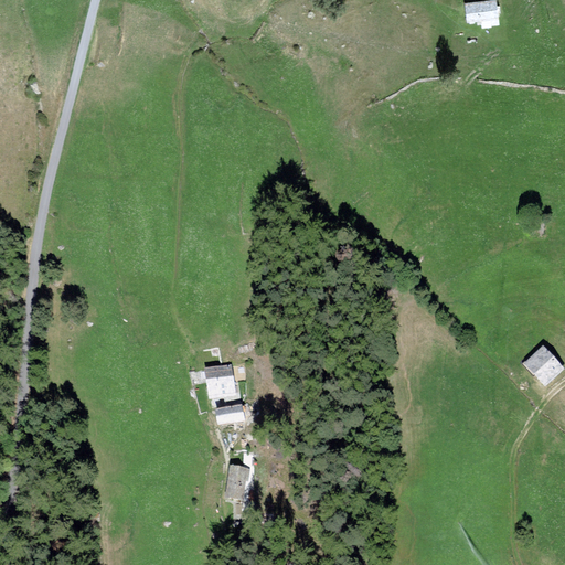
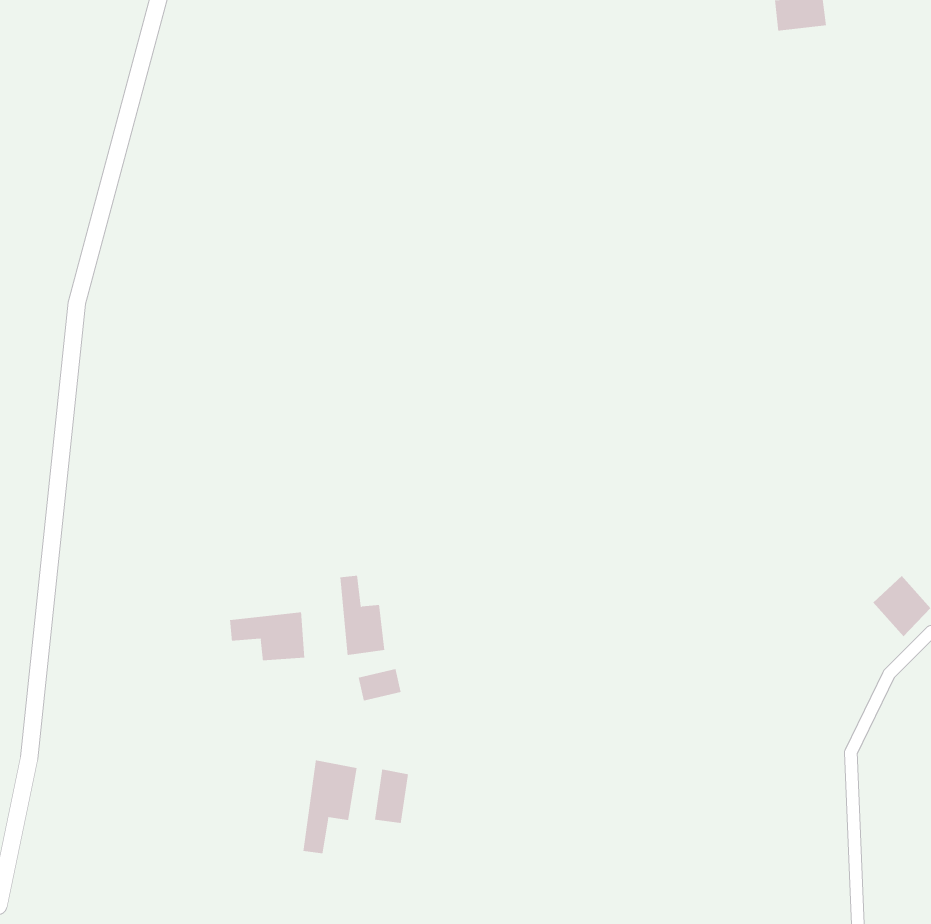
building: none -> [229,612,305,661]
building: none -> [303,759,357,854]

